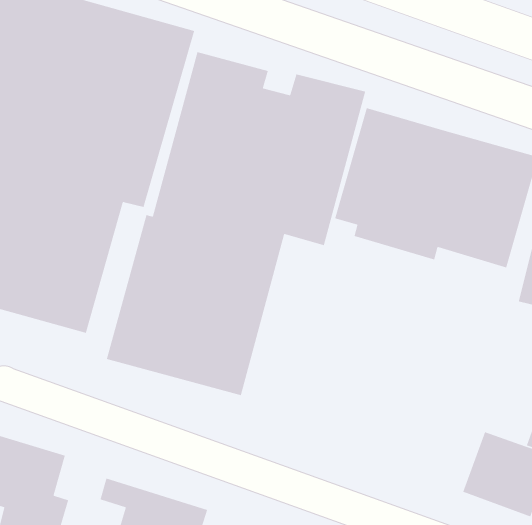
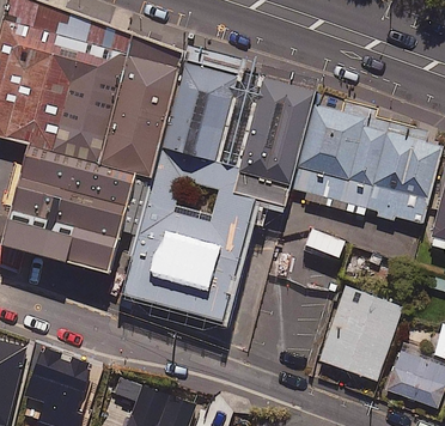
building: none -> [322,287,402,381]

